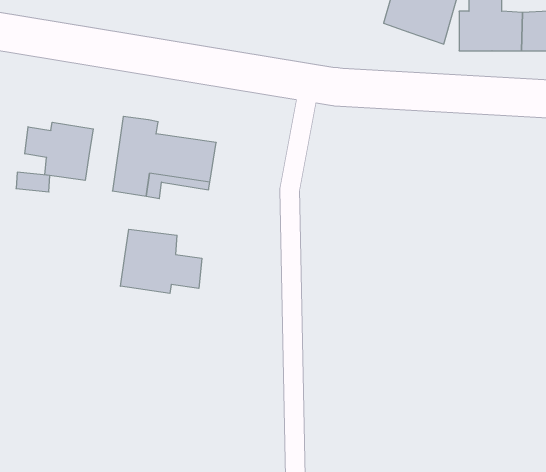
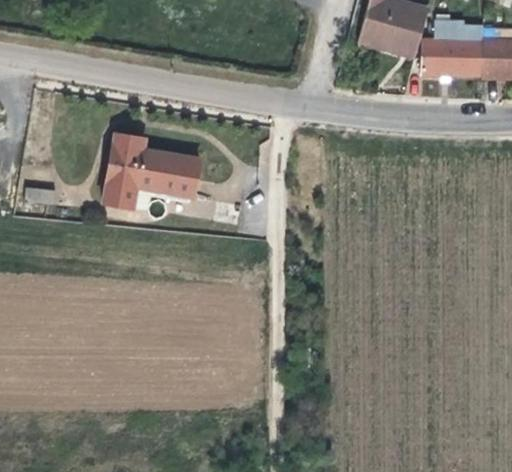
building: [25,122,93,180] -> none
building: [120,229,202,293] -> none

